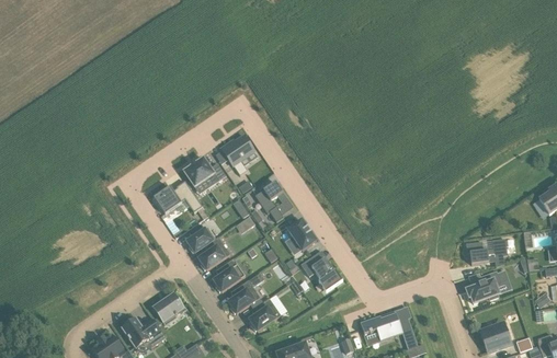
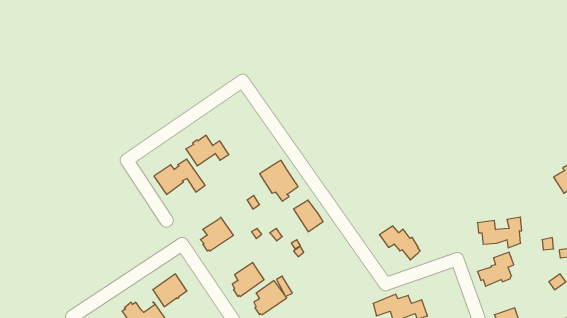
building: [219,136,254,174] -> none
building: [186,223,215,253] -> none
building: [300,255,340,288] -> [379,226,420,260]
building: [213,258,245,291] -> none

